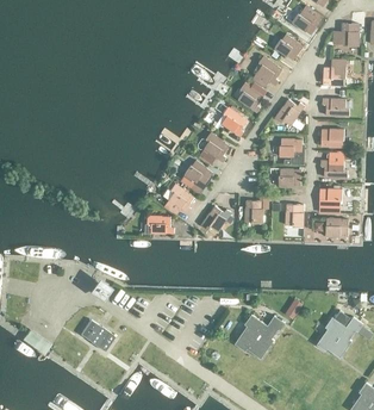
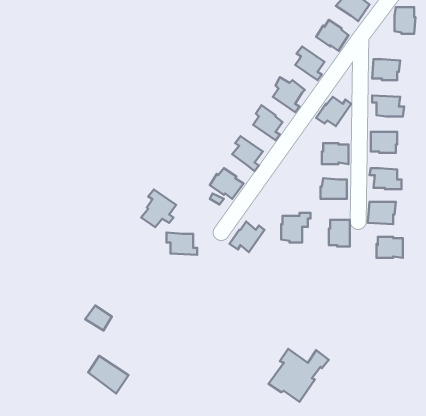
building: [163,184,193,216] -> [141,189,176,227]
building: [316,316,362,358] -> none

